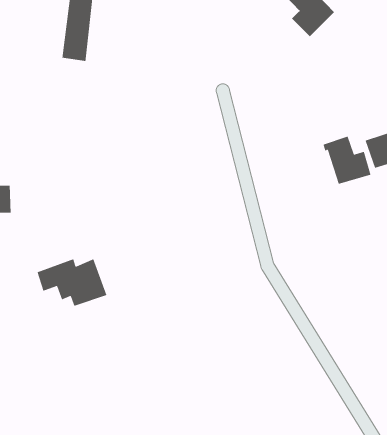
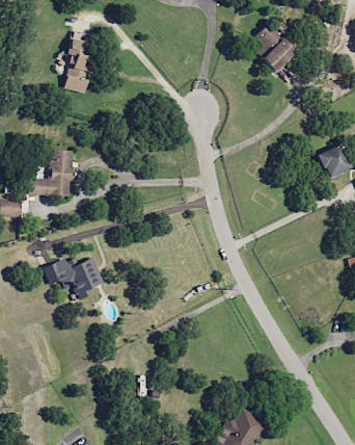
building: none -> [29,150,74,195]
building: [322,135,372,185] -> none

